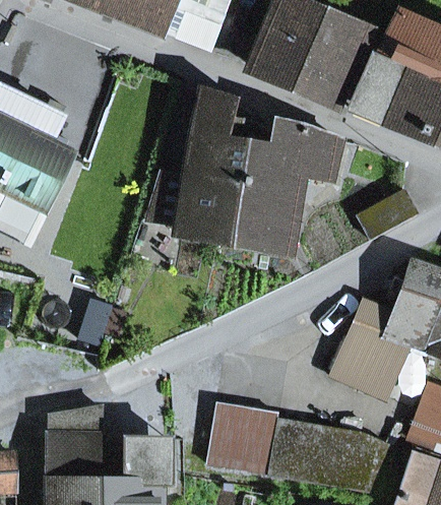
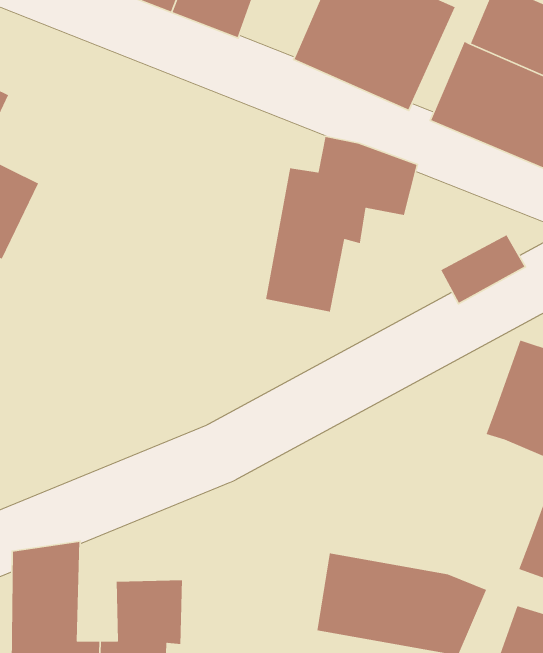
building: [181,89,248,238] -> none
building: [332,303,401,394] -> none
building: [206,403,277,475] -> none

